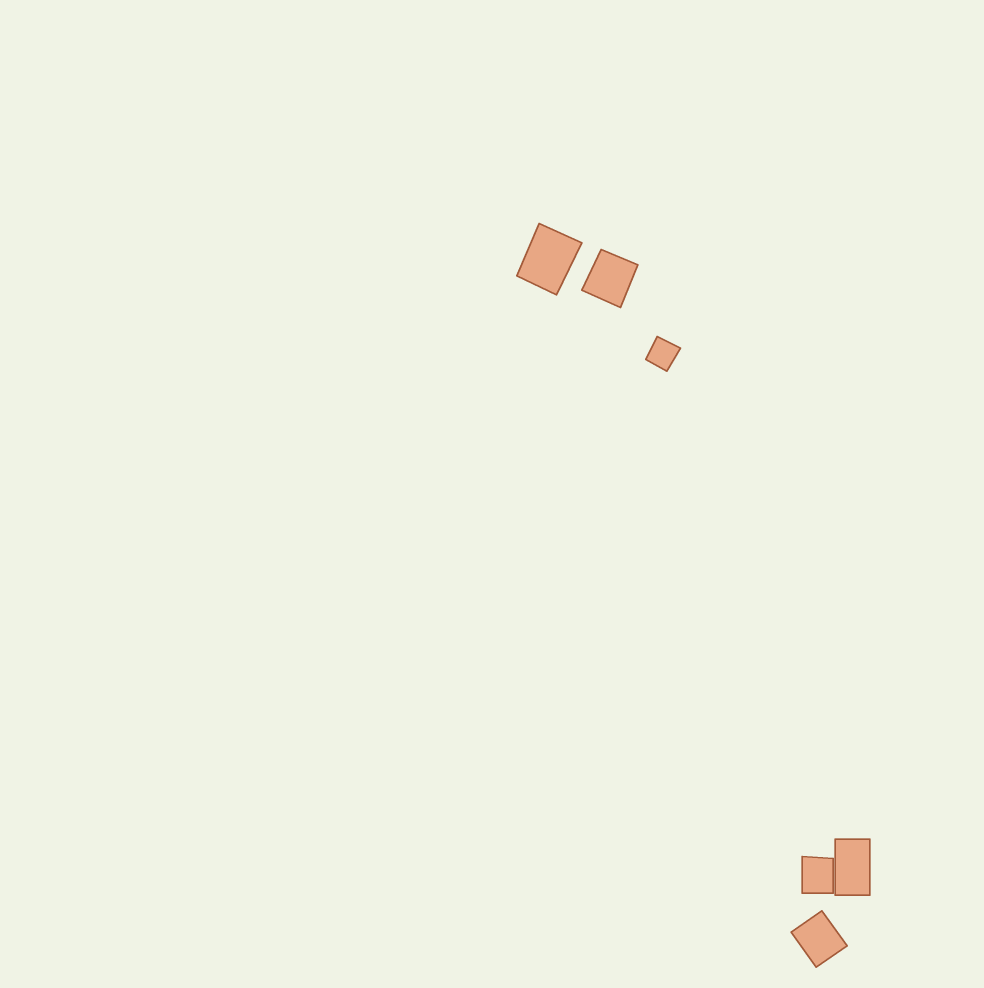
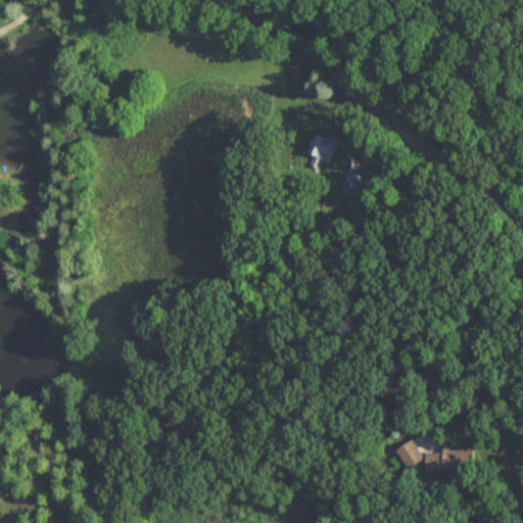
building: [517,224,582,295] -> none
building: [791,911,847,967] -> [395,440,425,470]

